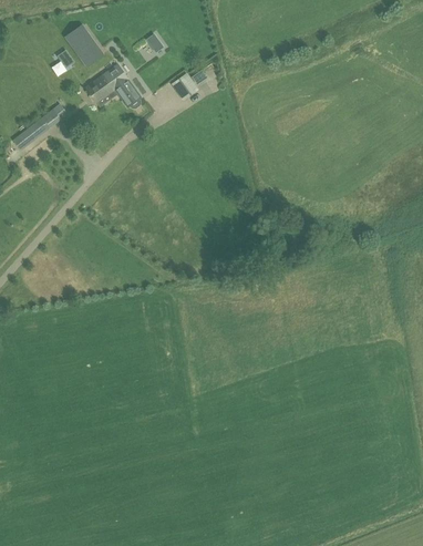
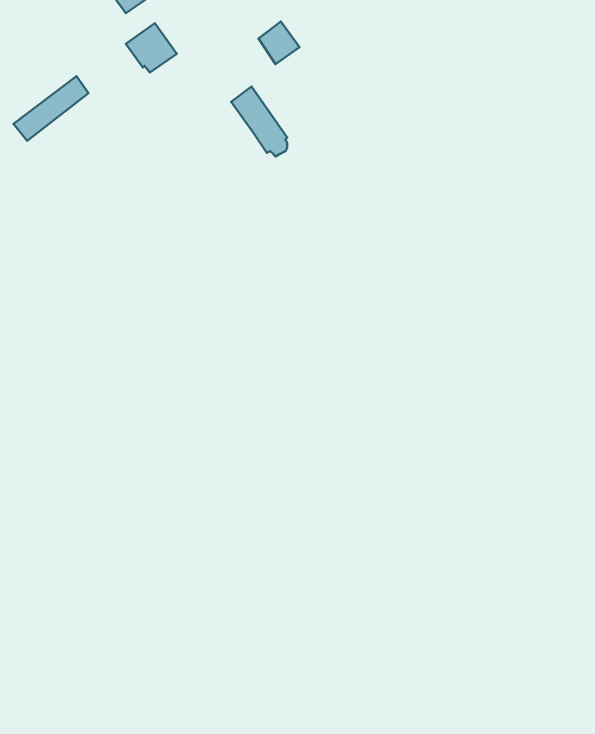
building: [104,62,141,107] -> [231,87,287,156]

